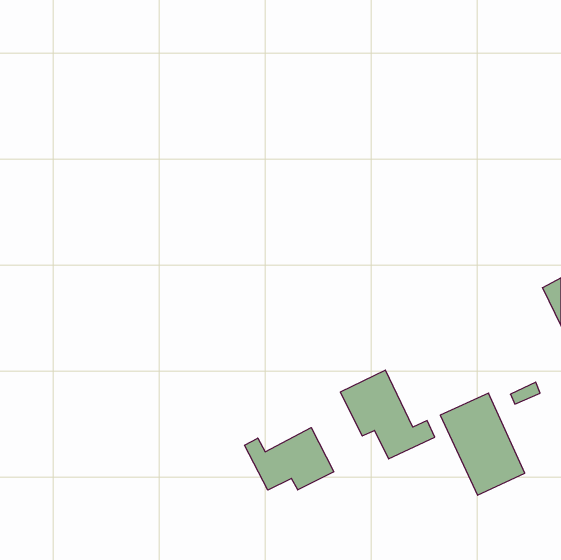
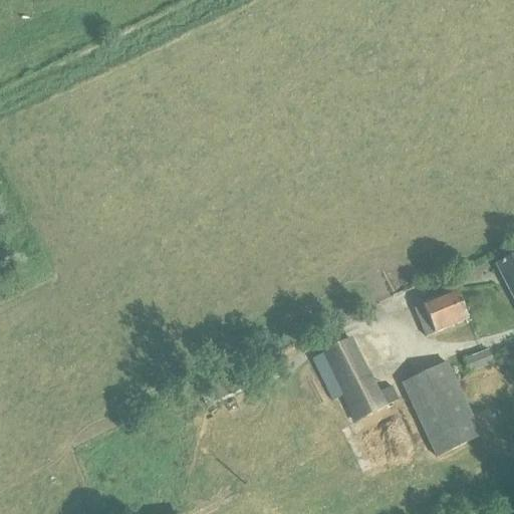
building: none -> [414,288,466,334]
building: [245,428,334,490] -> none

